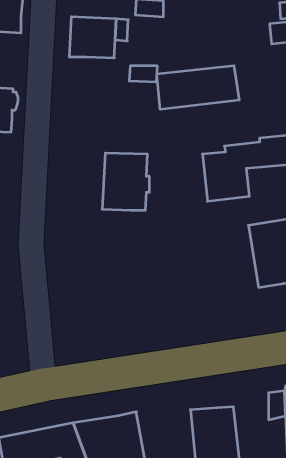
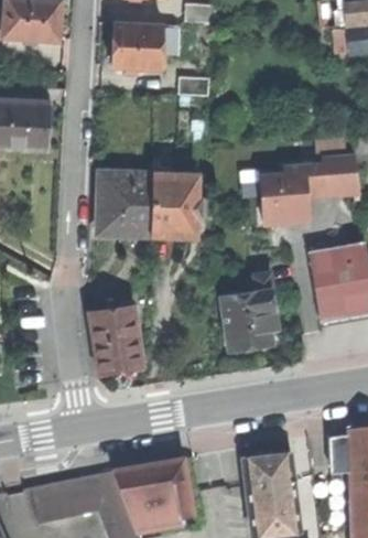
building: [157,66,239,109] -> none
building: none -> [98,171,151,235]
building: none -> [220,271,279,351]
building: none -> [87,304,144,374]

